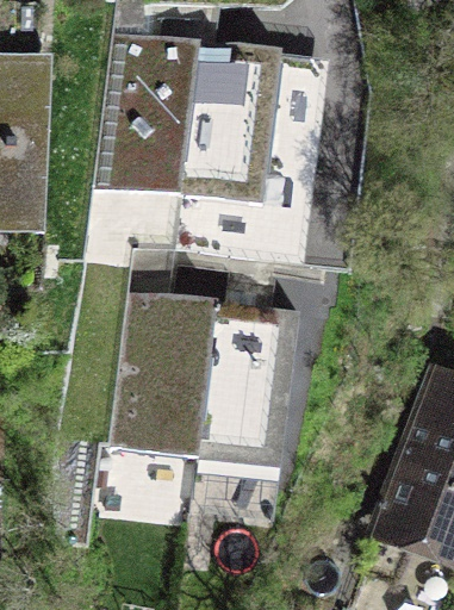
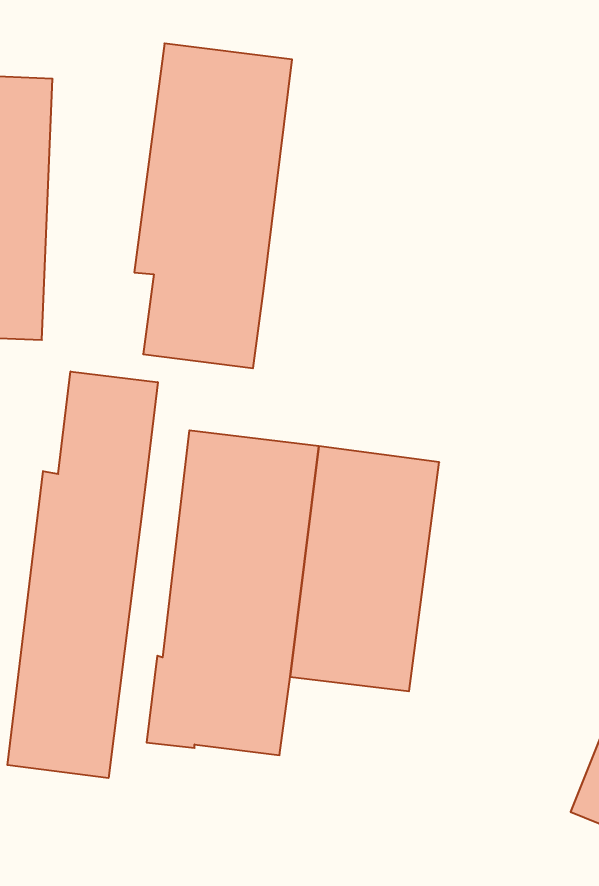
building: [180,41,280,205] -> none
building: none -> [7,371,158,778]

